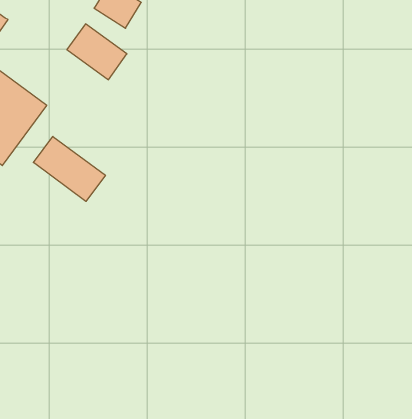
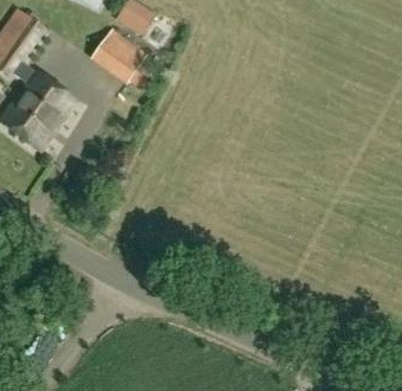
building: [33,136,105,201] -> none

